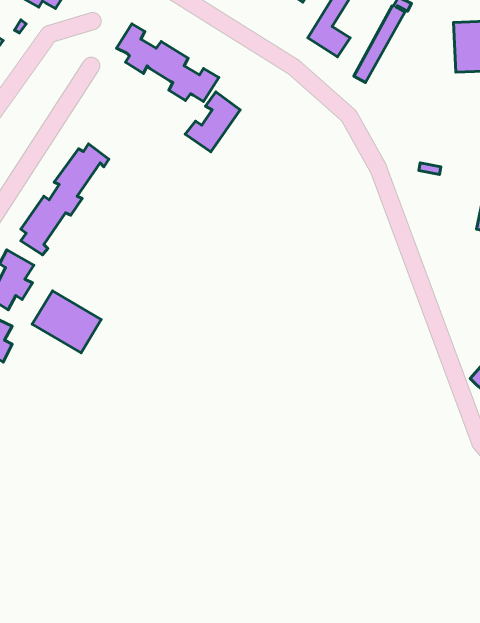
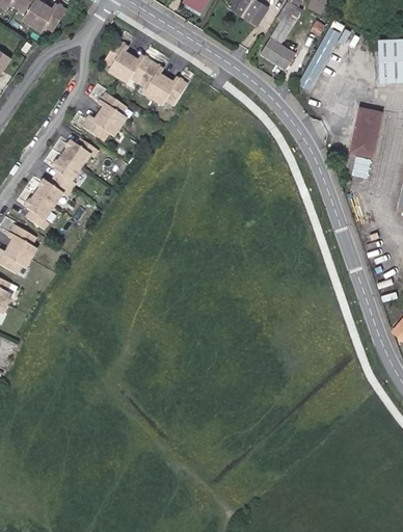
building: [185,92,240,152] -> [82,94,127,142]
building: none -> [349,107,380,156]
building: [32,291,101,353] -> none

